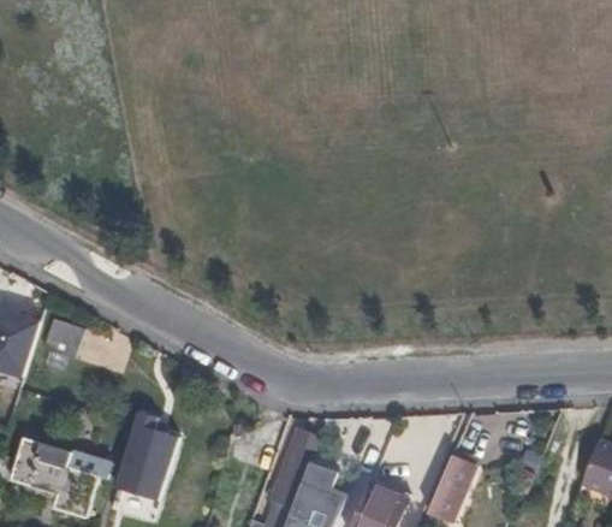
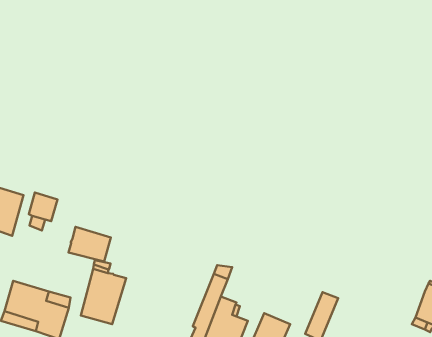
building: none -> [69,227,111,262]

